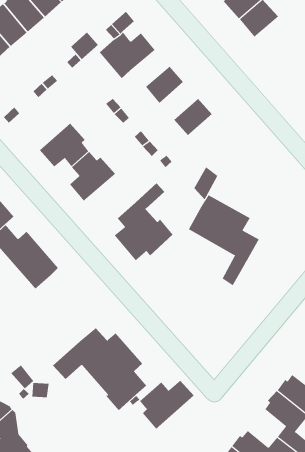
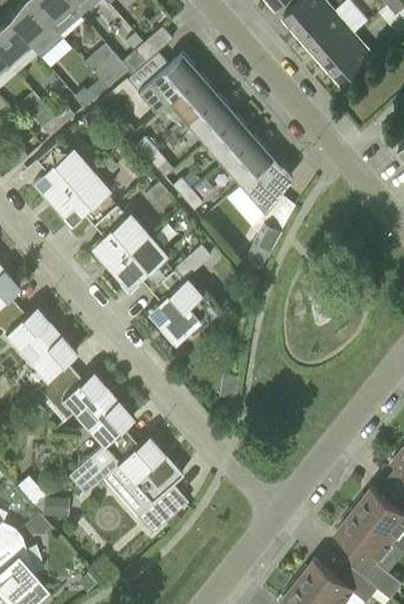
building: none -> [323,34,374,83]
building: none -> [167,76,216,123]
building: none -> [203,117,252,165]
building: none -> [31,140,90,203]
building: none -> [239,158,291,213]
building: none -> [107,233,172,290]
building: [188,195,259,286] -> none
building: none -> [30,362,133,445]
building: [139,380,194,430] -> none

